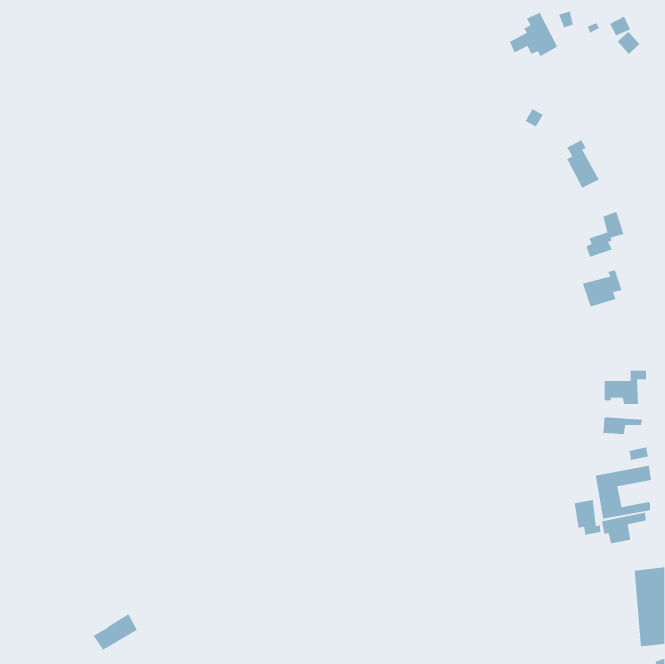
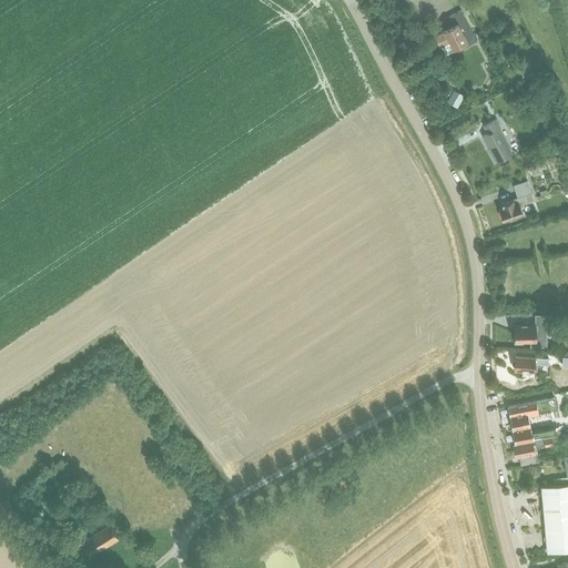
building: [582,270,623,308] -> none
building: [574,499,601,536] -> none

